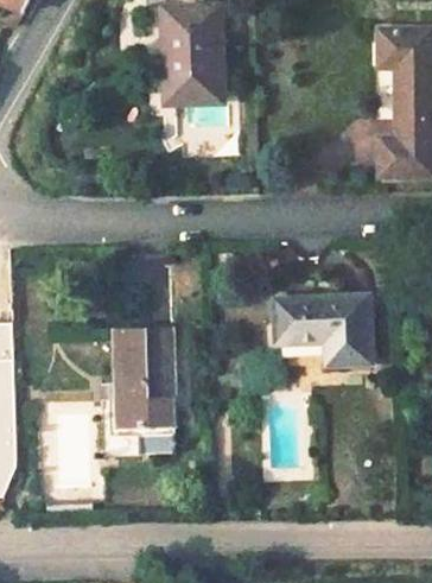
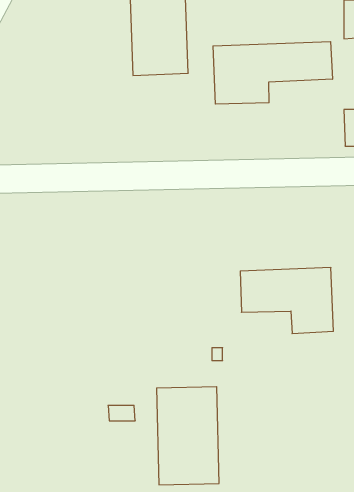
building: none -> [213,42,332,104]
building: [113,328,176,426] -> [157,387,219,485]

